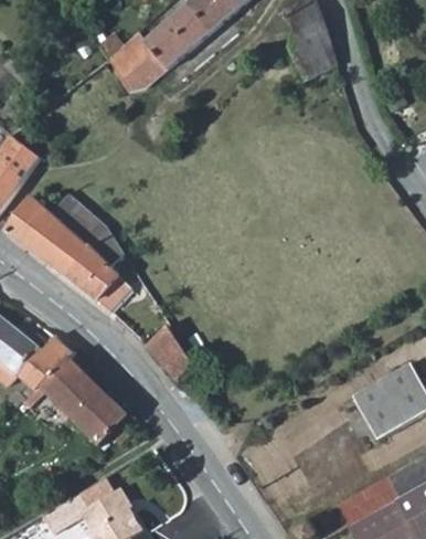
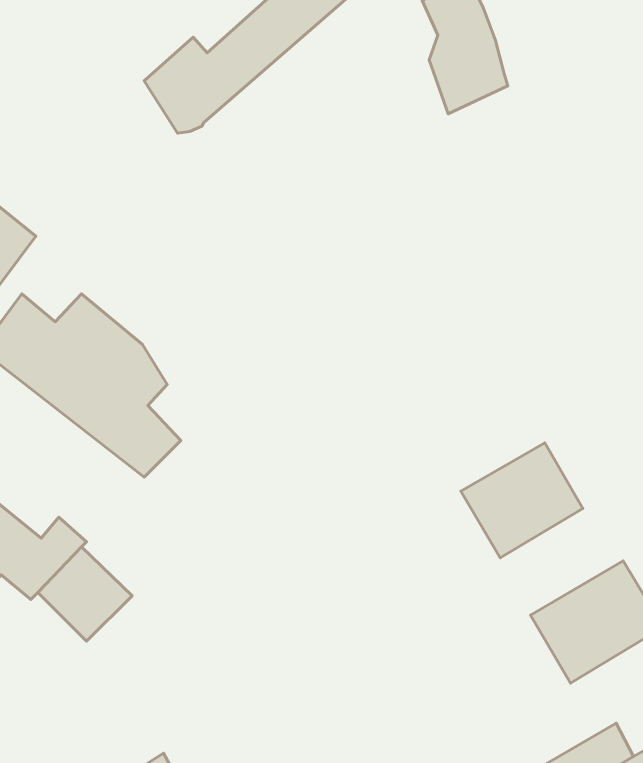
building: none -> [461,443,583,558]
building: [145,325,192,381] -> none
building: [71,385,129,445] -> none

